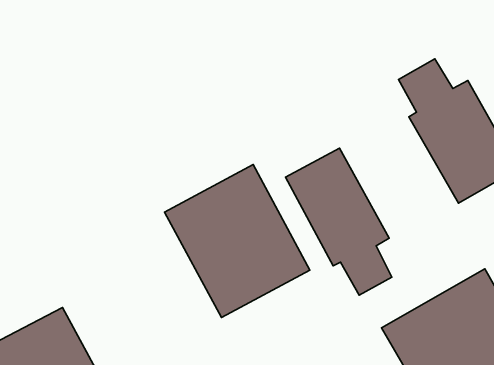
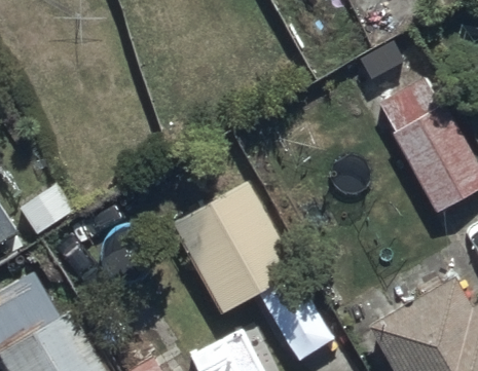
building: [286,148,392,295] -> none

